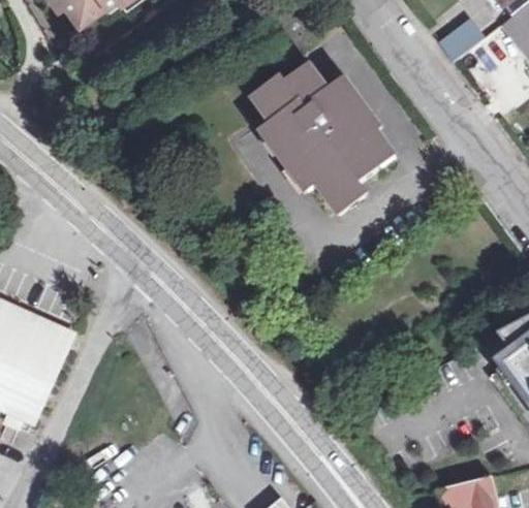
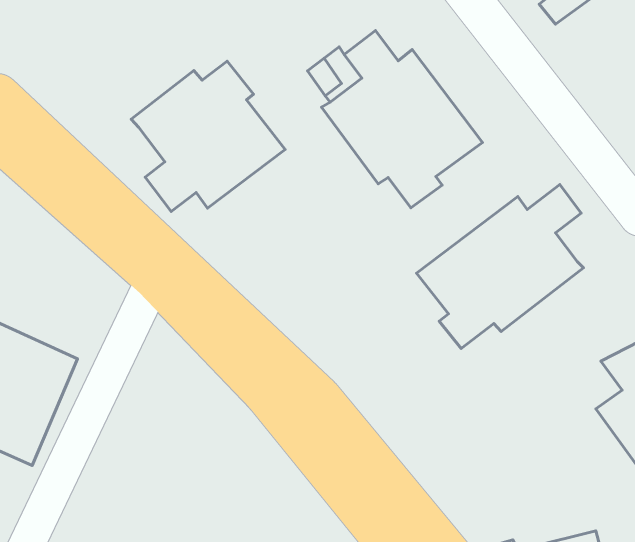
building: none -> [131,61,285,211]
building: none -> [416,185,584,349]

